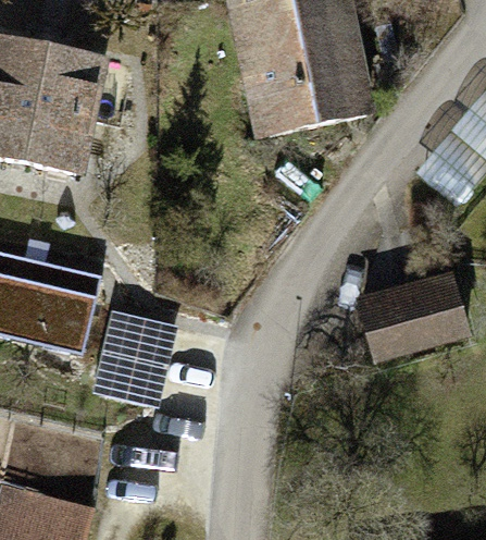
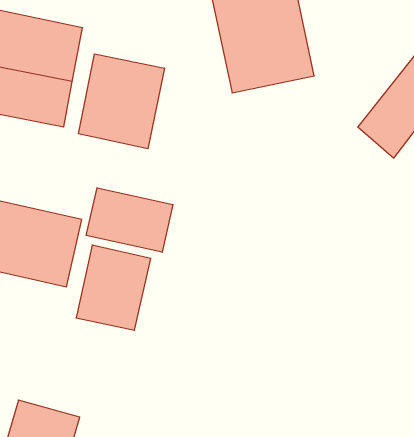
building: none -> [78,54,165,149]
building: none -> [86,188,173,252]
building: [365,282,468,355] -> none

